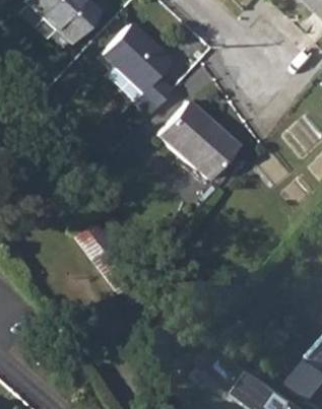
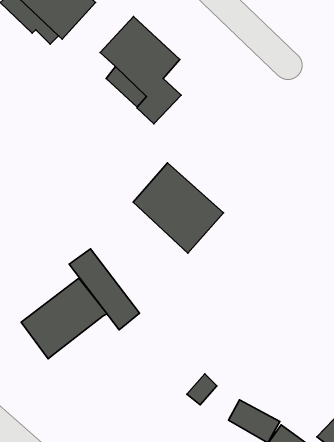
building: [162,105,239,182] -> [133,163,224,253]
building: none -> [21,278,107,359]

